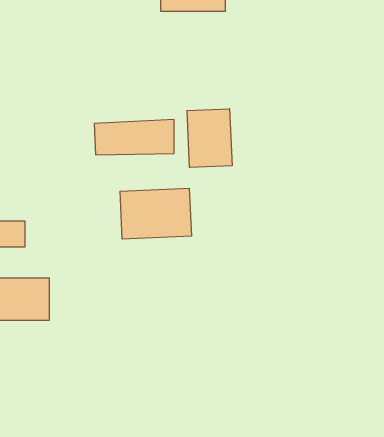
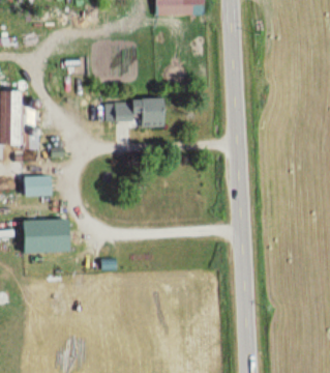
building: [187,109,232,168] -> none
building: [120,188,191,239] -> none

